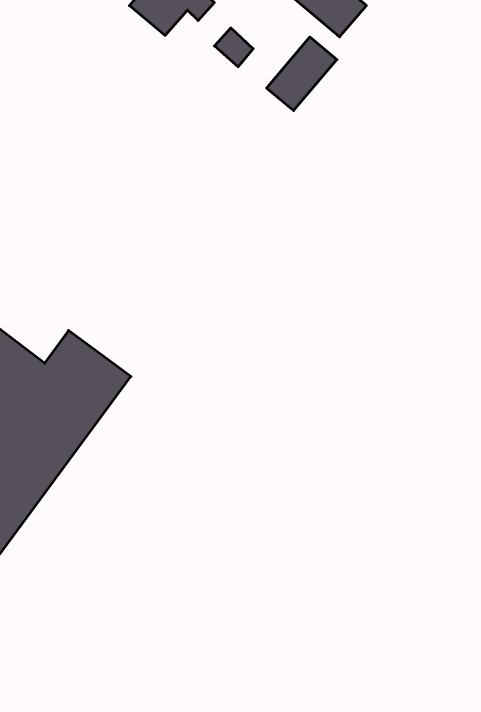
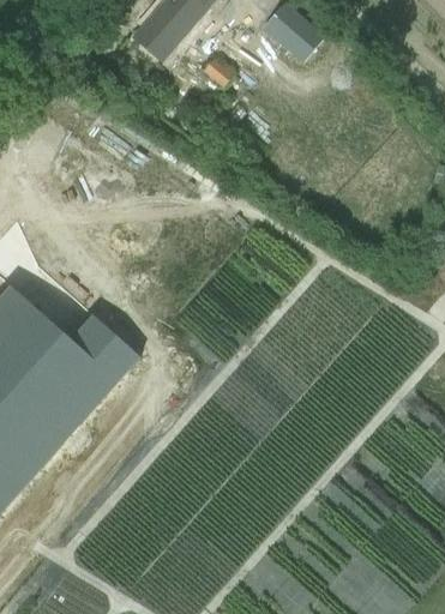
building: [267,37,337,111] -> none

